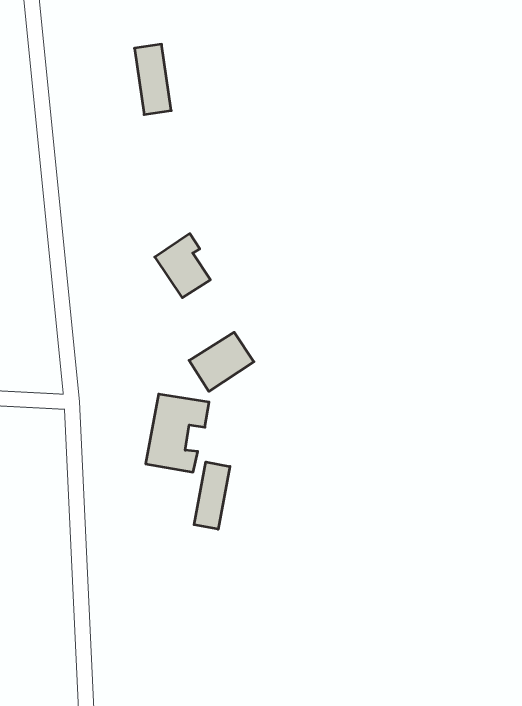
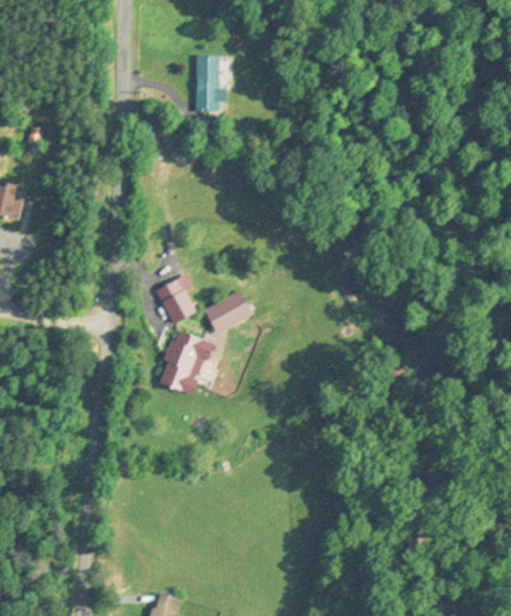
building: [155,234,210,298] -> [158,274,198,324]
building: [194,462,230,529] -> none

